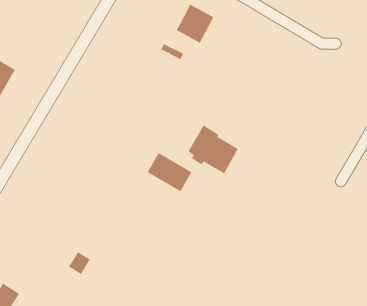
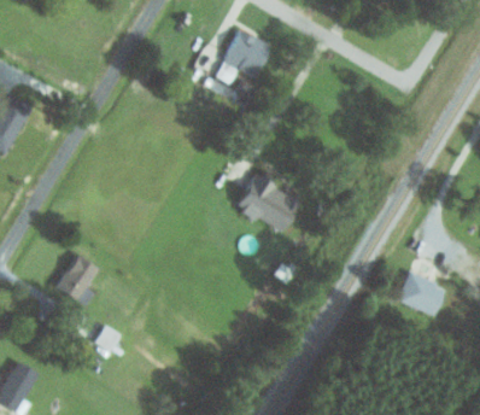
building: [147,152,192,192] -> none
building: none -> [55,255,98,300]
building: none -> [397,270,445,316]

